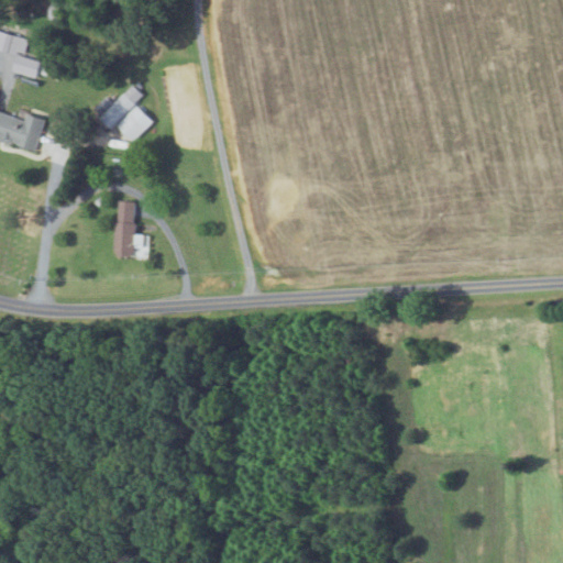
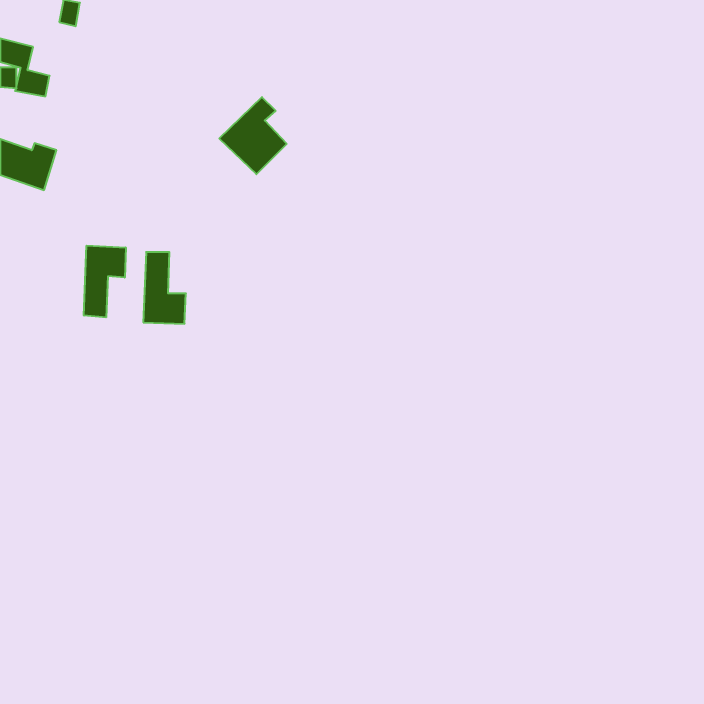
building: [98,85,152,146] -> [219,97,287,174]
building: none -> [84,246,126,317]

